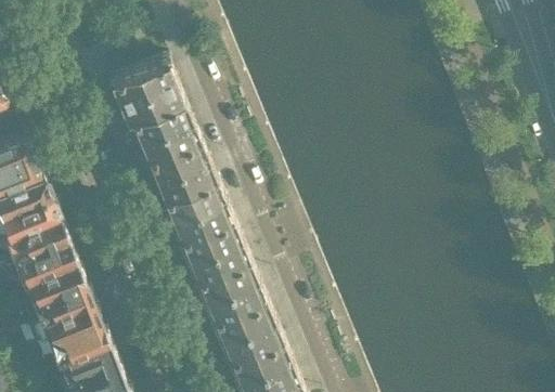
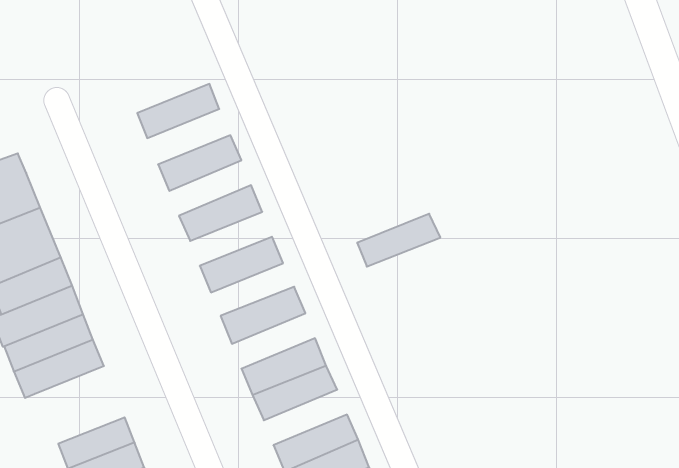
building: [111,64,176,108] -> none
building: [127,105,192,148] -> none
building: [144,145,208,188] -> none
building: [160,185,224,227] -> none
building: [177,225,242,266] -> [357,214,440,267]
building: [193,264,258,308] -> none
building: [39,305,109,367] -> none
building: [218,324,283,367] -> none

